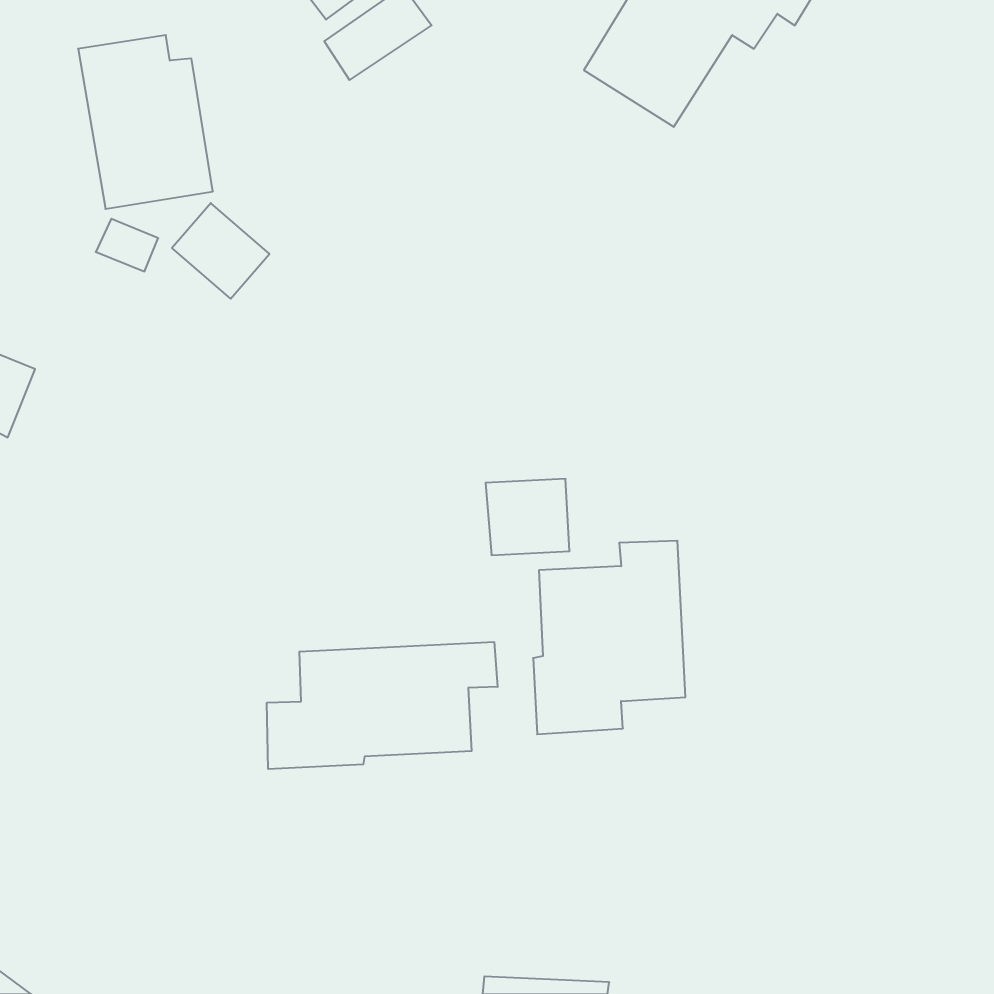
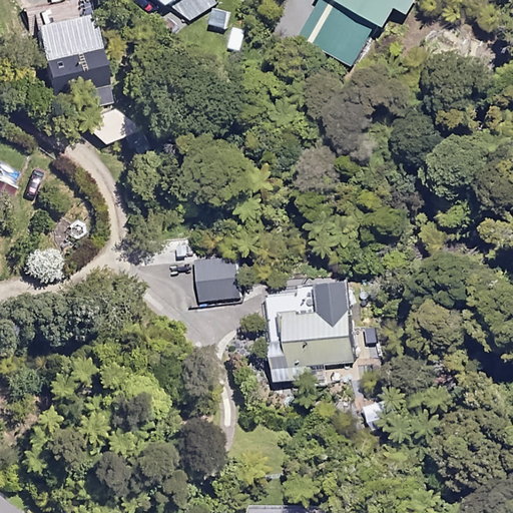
building: [486,479,570,555] -> [193,256,236,296]
building: [267,642,498,769] -> none

